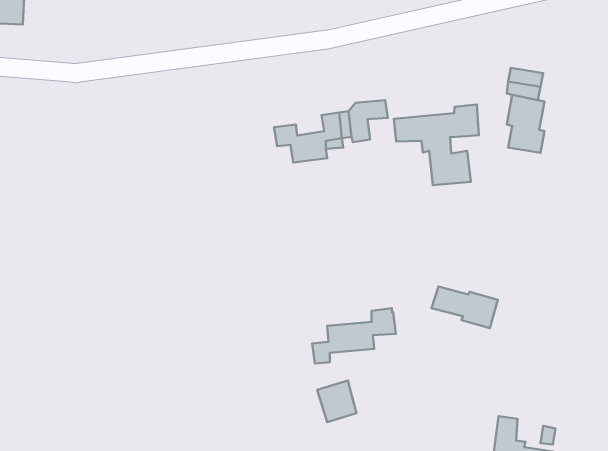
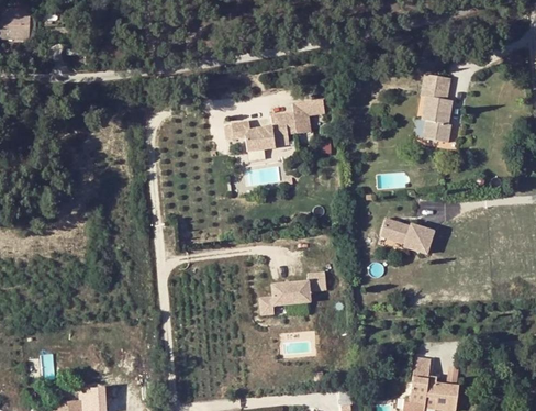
building: [394,104,479,185] -> none
building: [432,286,498,328] -> [378,220,432,254]
building: [317,380,357,422] -> none

